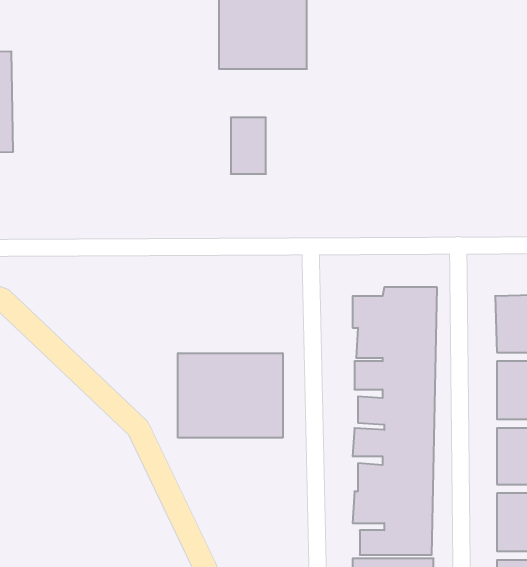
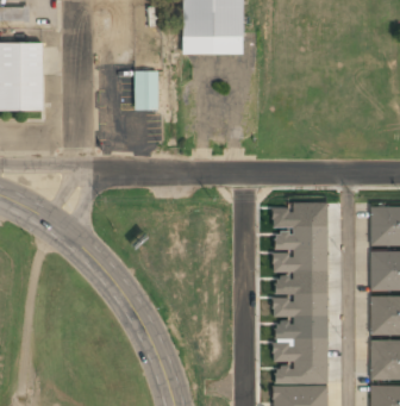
building: [231,118,266,174] -> [135,71,158,110]
building: [178,353,283,438] -> none

